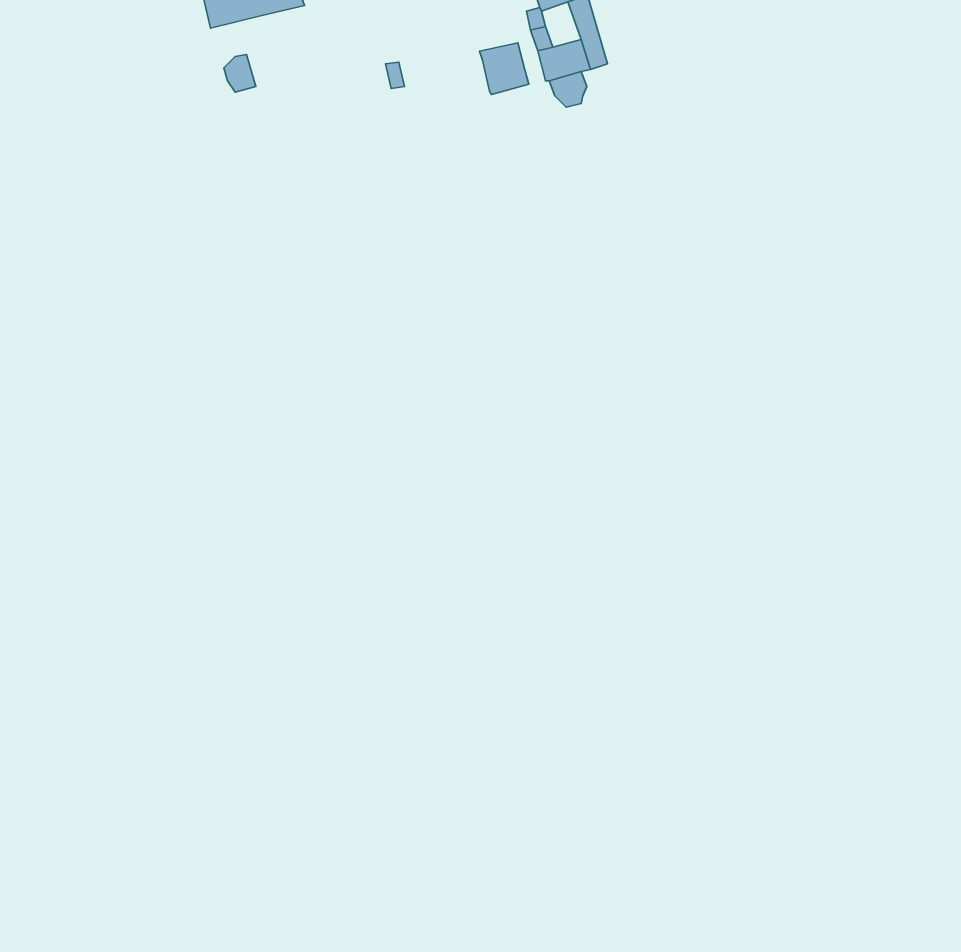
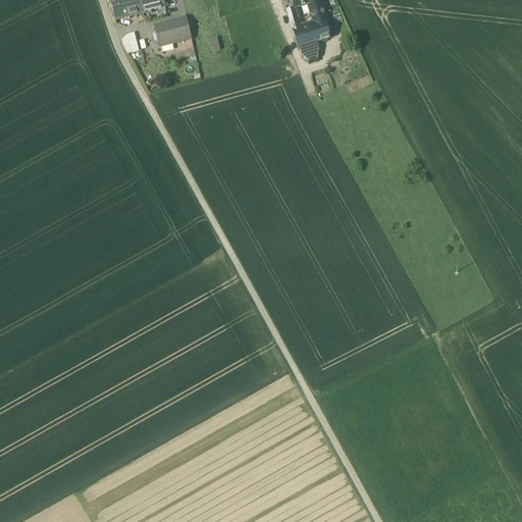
building: none -> [154,14,192,43]
building: [480,43,529,94] -> none

